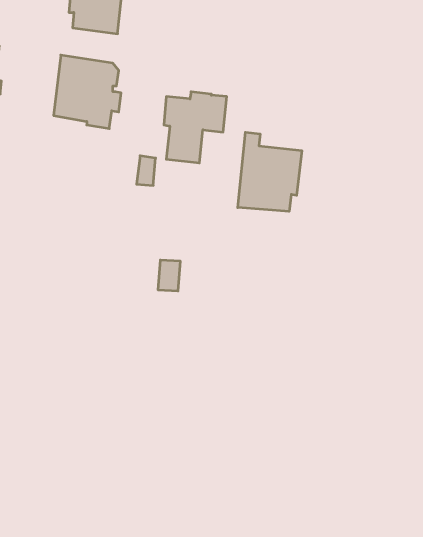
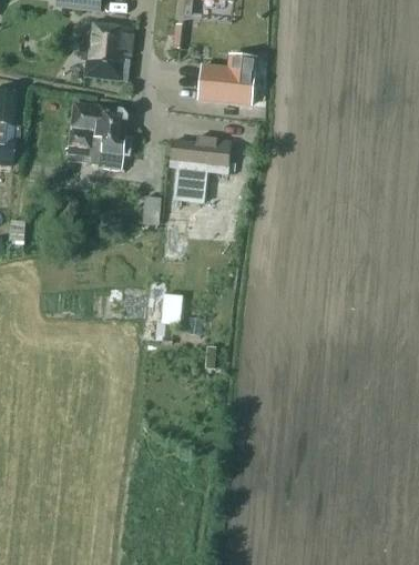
building: none -> [198,54,257,104]
building: [238,132,302,211] -> none

